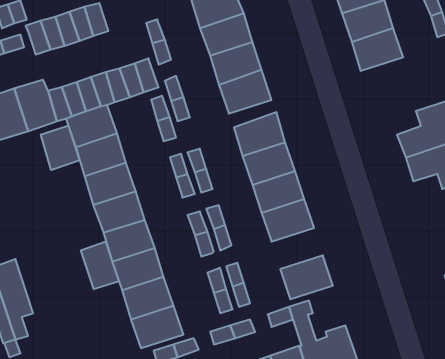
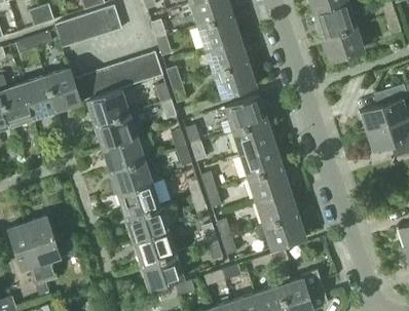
building: [41,125,79,170] -> none
building: none -> [255,190,297,224]
building: [81,242,119,289] -> none

